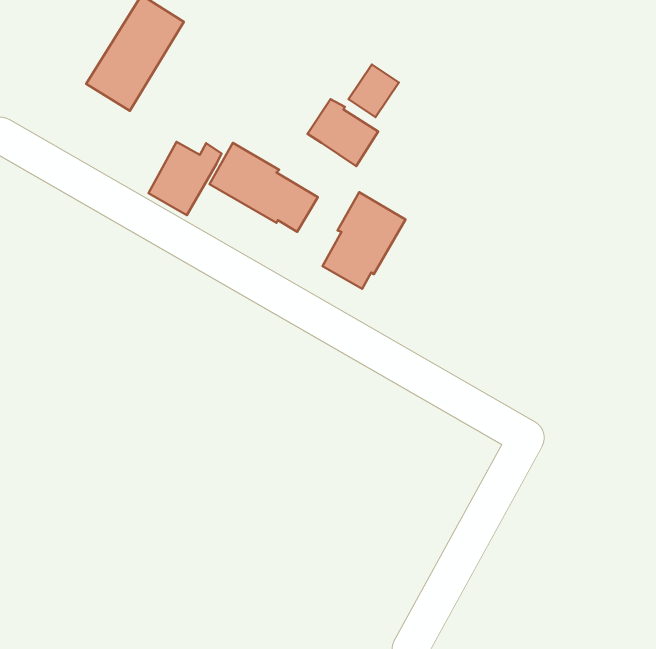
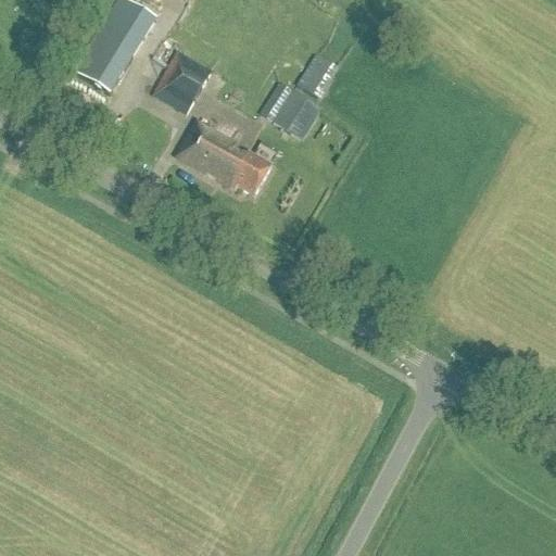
building: [148,142,222,215] -> [153,50,215,112]
building: [322,192,405,289] -> none

